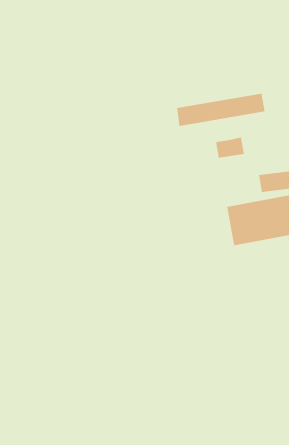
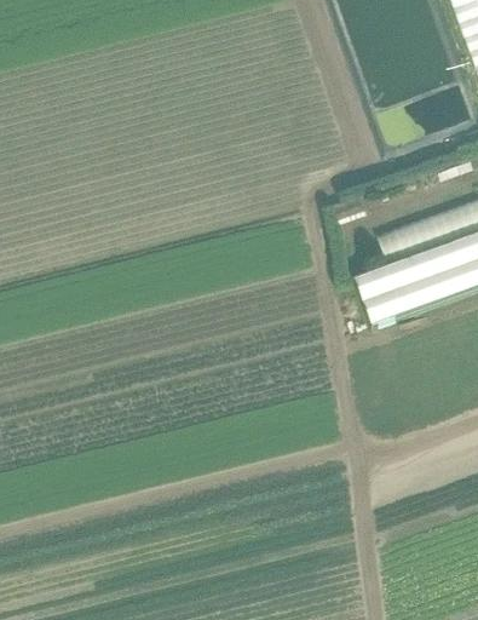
building: [176,93,265,127] -> none

